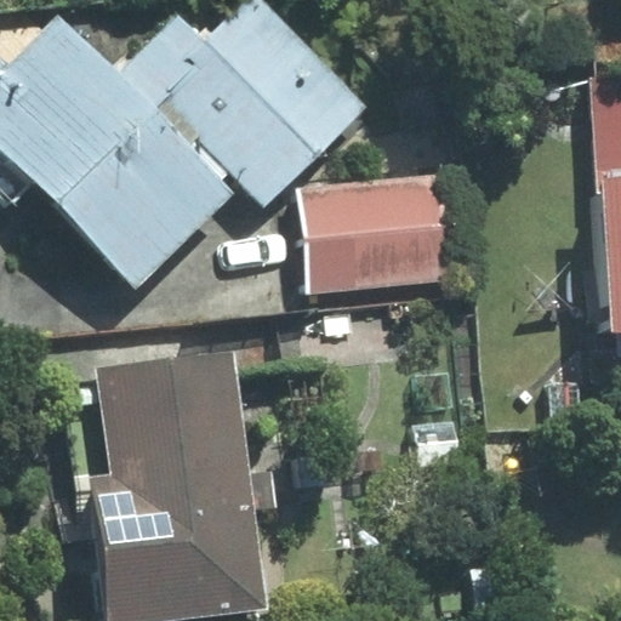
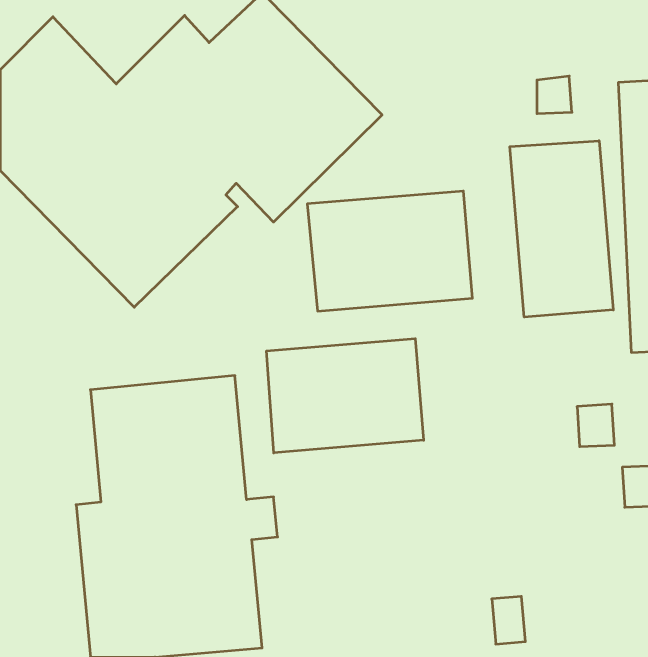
building: none -> [510,141,613,317]
building: none -> [267,339,424,453]

